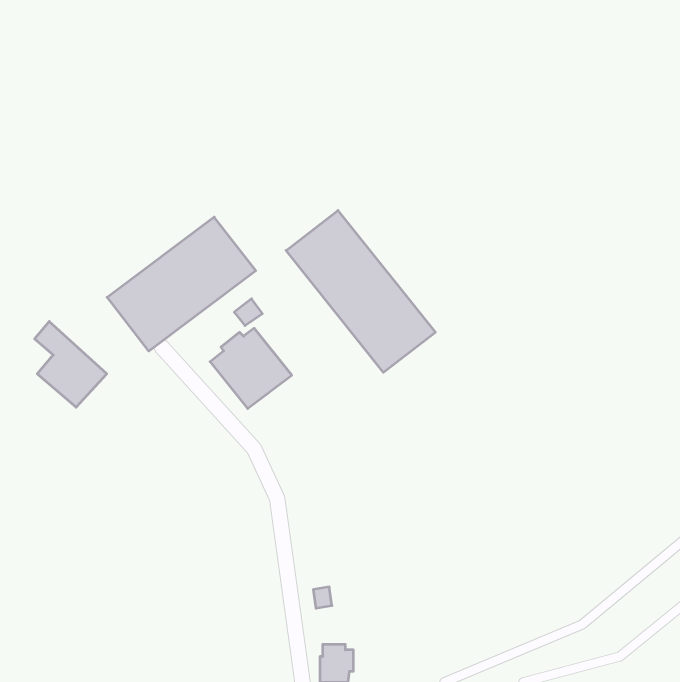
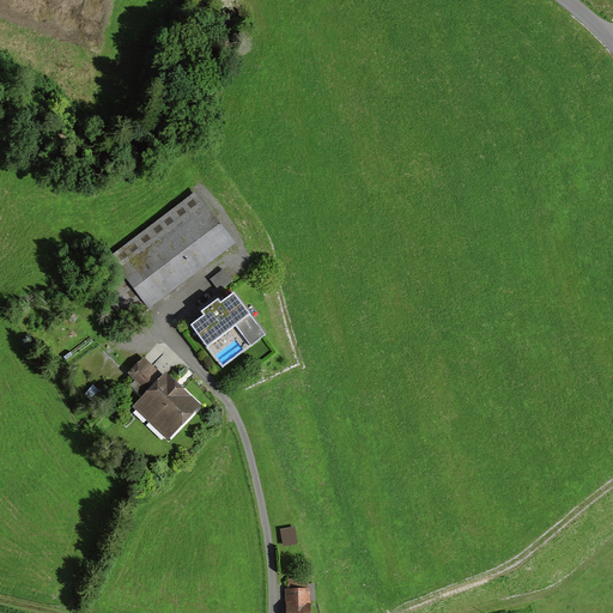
building: [286,210,435,372] -> none
building: [35,321,107,407] -> [133,358,198,435]

